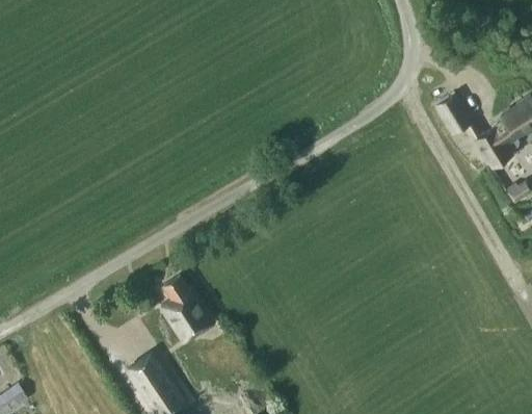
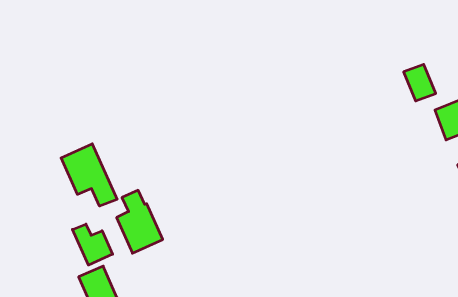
building: none -> [61,144,117,206]
building: none -> [72,224,113,265]

